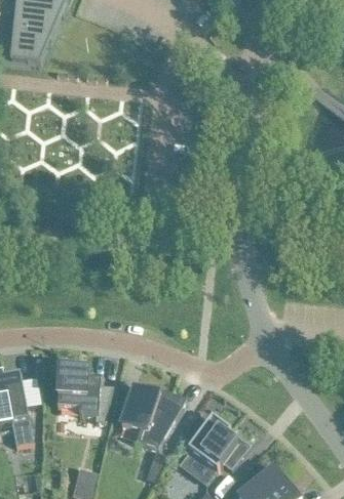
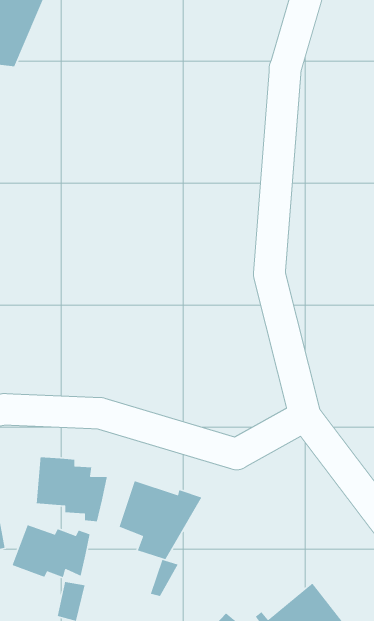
building: [180,414,250,480] -> none
building: none -> [12,524,91,578]

